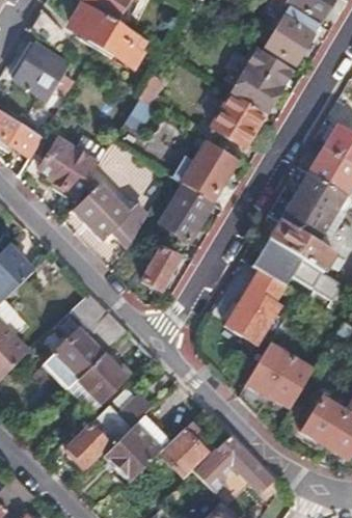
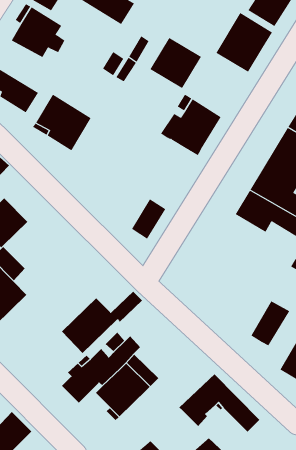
building: [211,92,267,147] -> [150,37,202,89]
building: [72,181,144,249] -> none
building: [160,185,213,242] -> none
building: [226,287,279,342] -> none
building: [43,292,128,390] -> none
building: [242,344,291,398] -> none
building: [159,429,207,476] -> none

